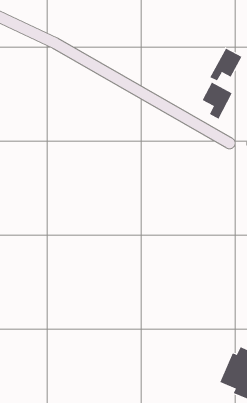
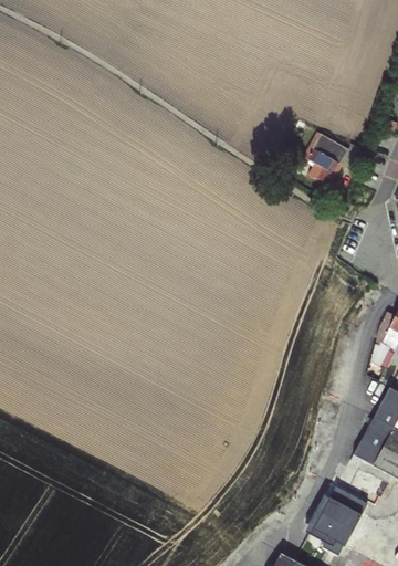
building: [209,48,242,81] -> none

